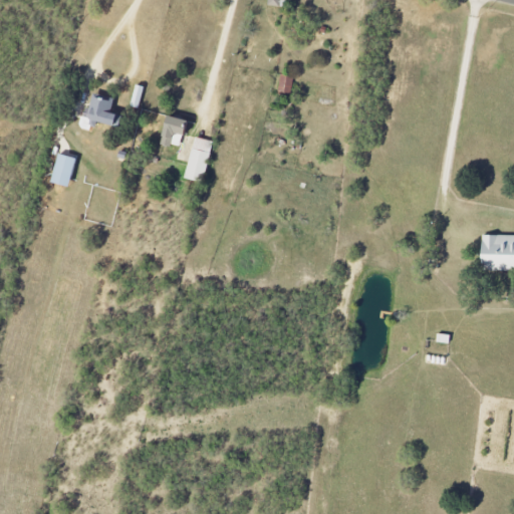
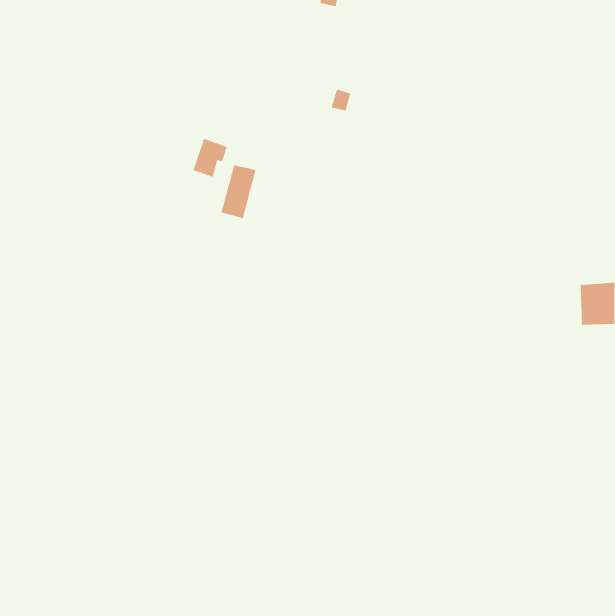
building: [84,93,118,126] -> none
building: [50,153,75,186] -> none

